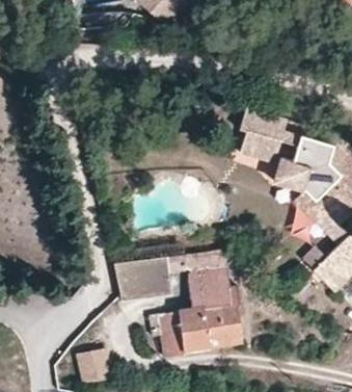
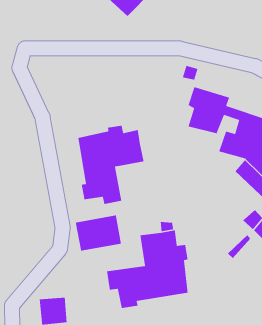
building: none -> [77,125,145,205]

